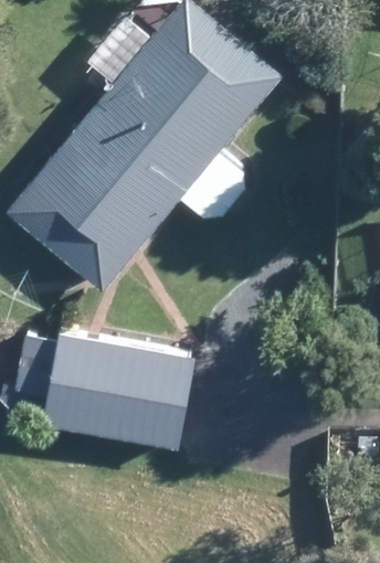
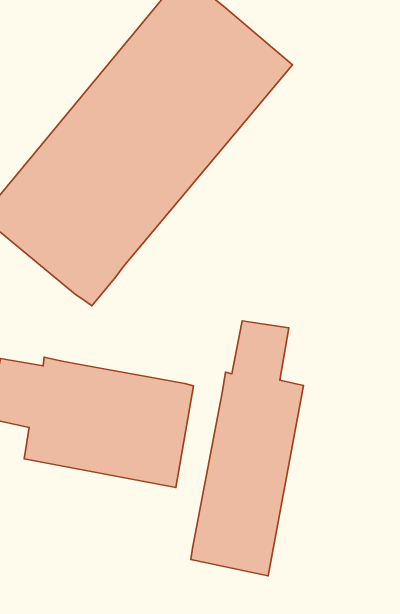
building: none -> [191,321,303,576]

